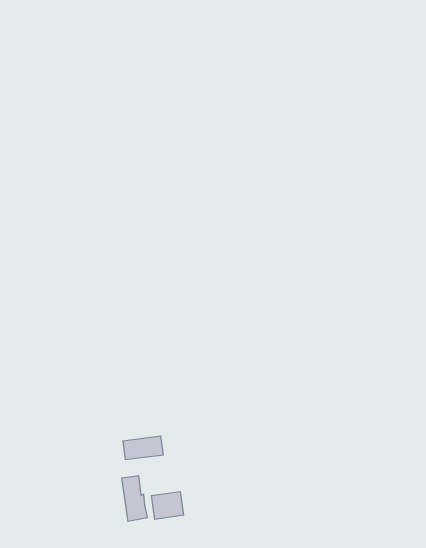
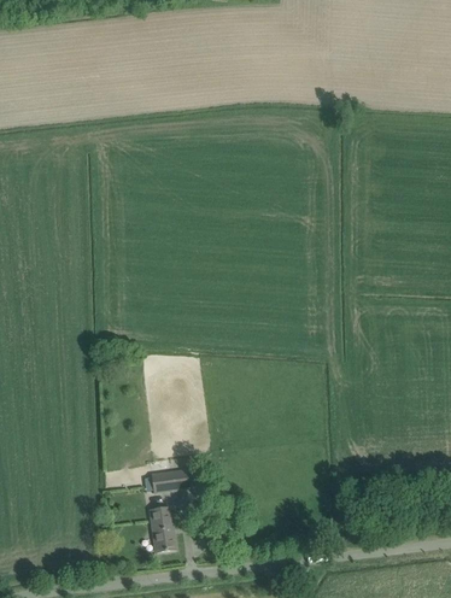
building: [151,492,183,519] -> none

